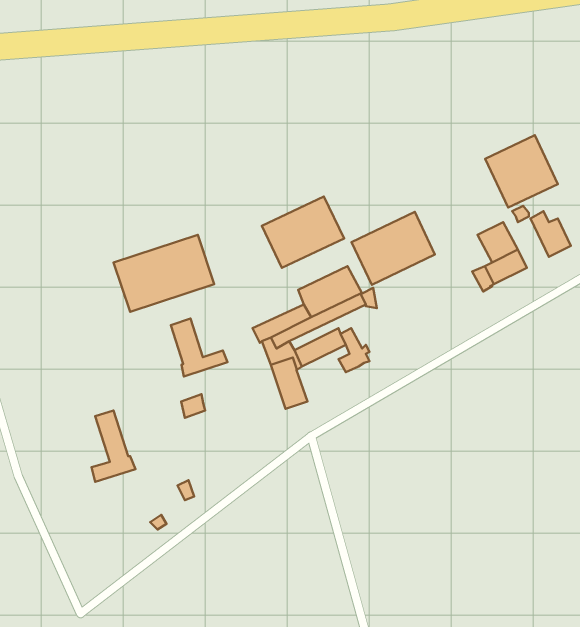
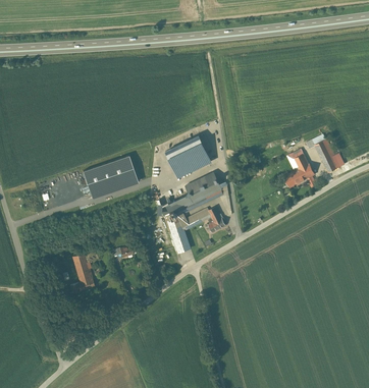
building: [485,135,558,208] -> none
building: [351,212,435,285] -> none
building: [171,318,228,376] -> none

